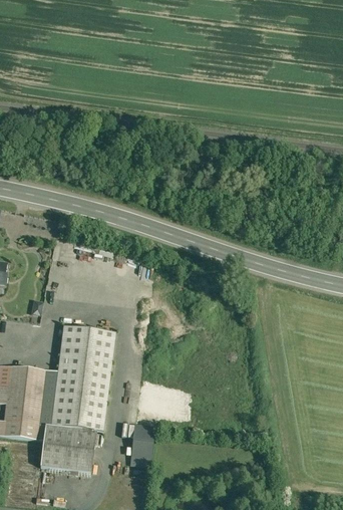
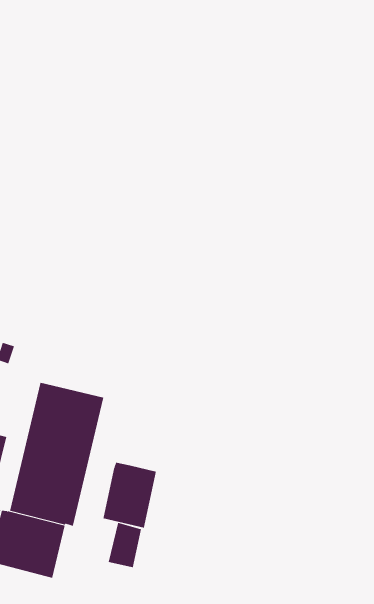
building: none -> [103,462,156,528]

